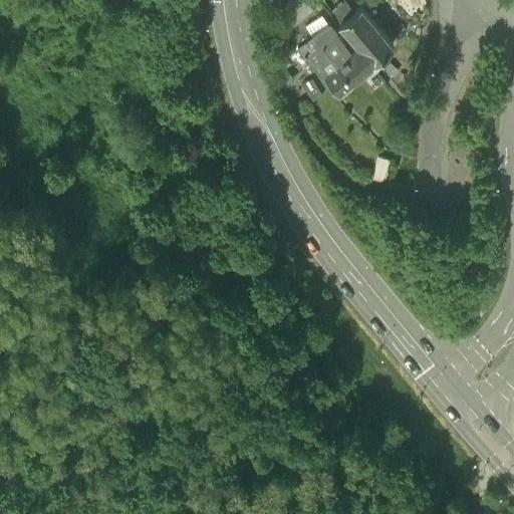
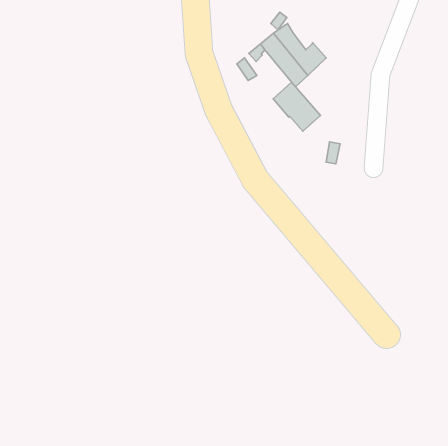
building: [339,10,394,66] -> [273,82,320,131]

